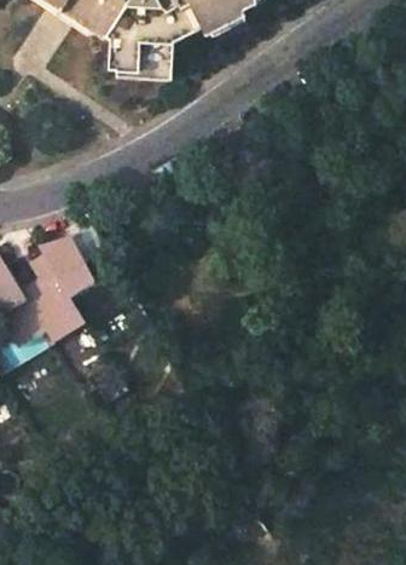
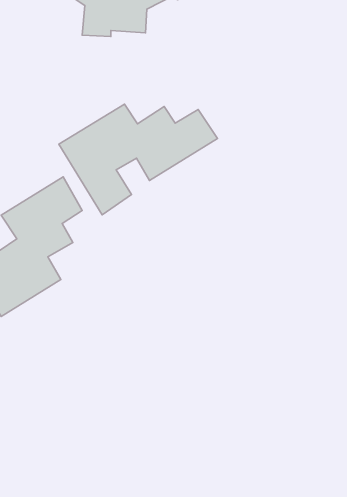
building: none -> [59,104,218,215]

